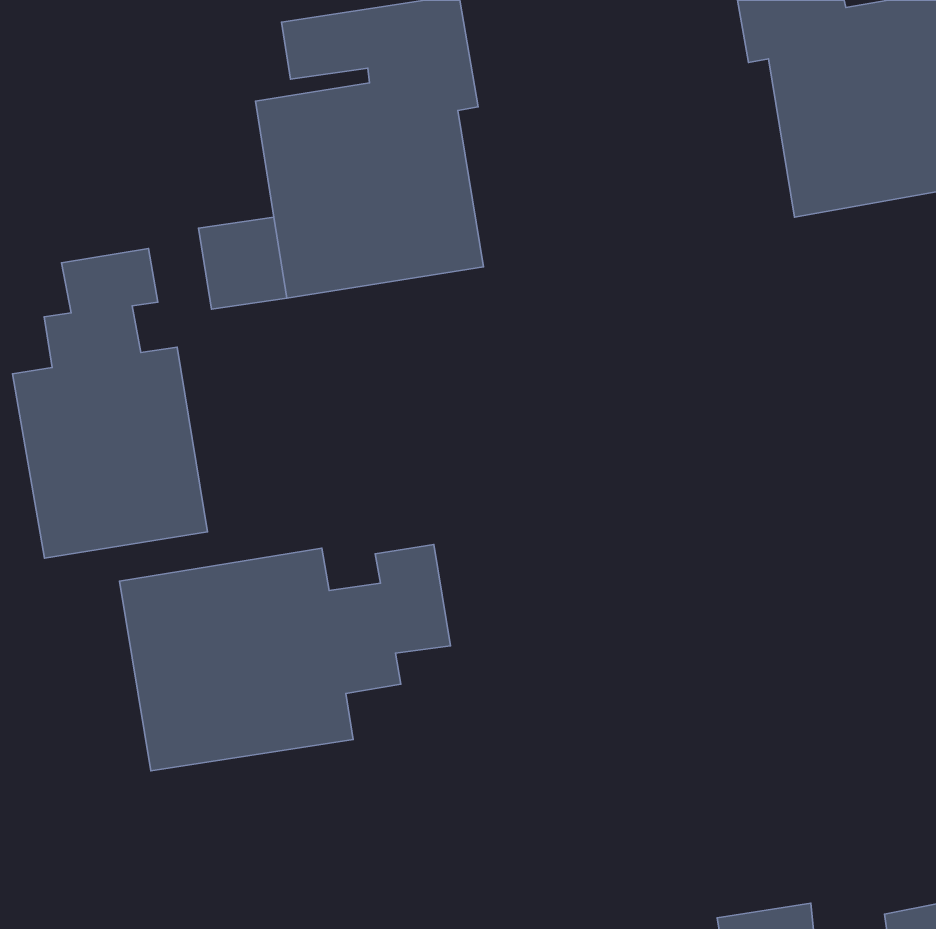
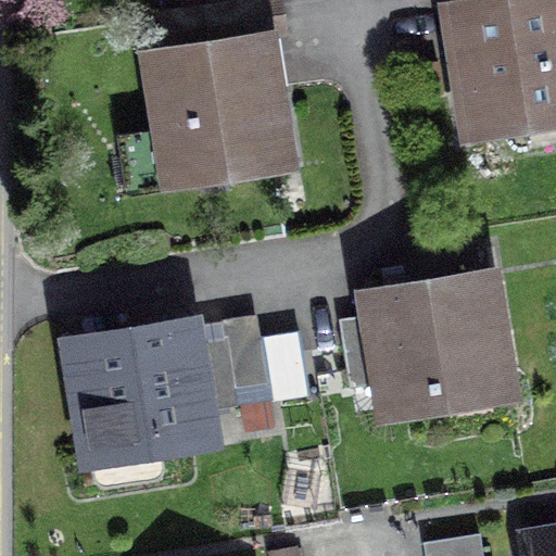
building: [13,249,208,558] -> none
building: none -> [342,282,508,414]

